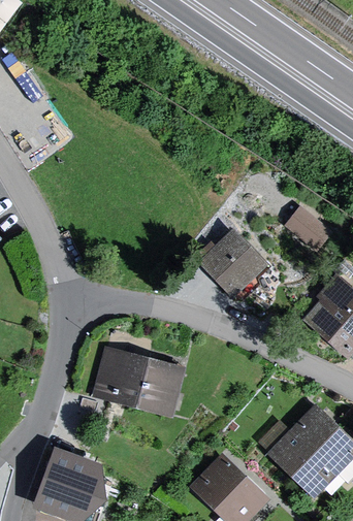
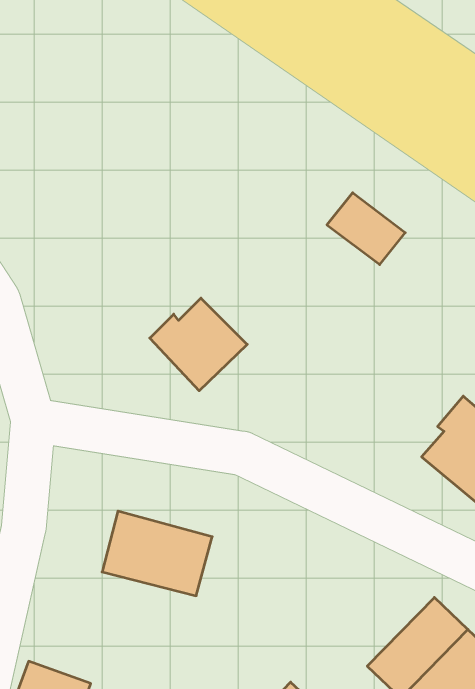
building: [283,205,333,252] -> [327,193,405,265]
building: [197,233,260,293] -> [150,298,247,391]

